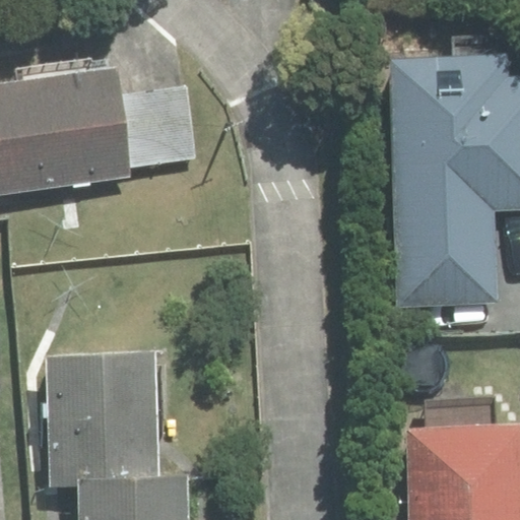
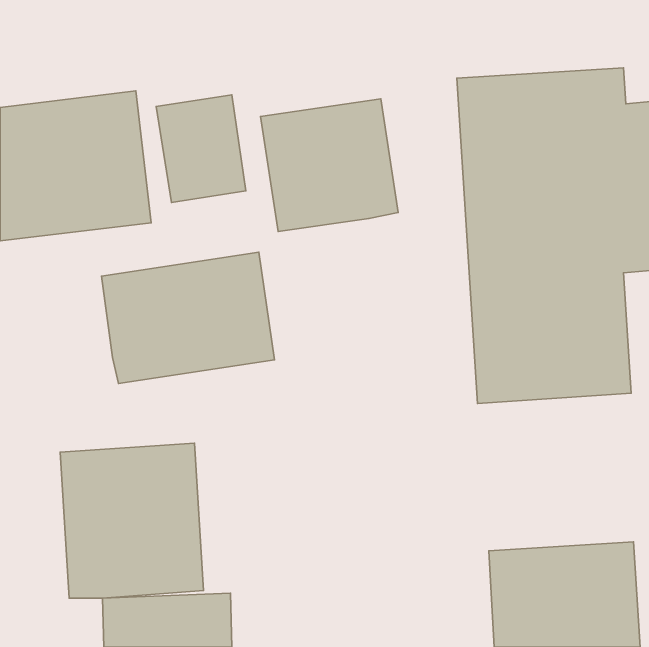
building: none -> [261,99,398,231]
building: none -> [102,252,275,384]

